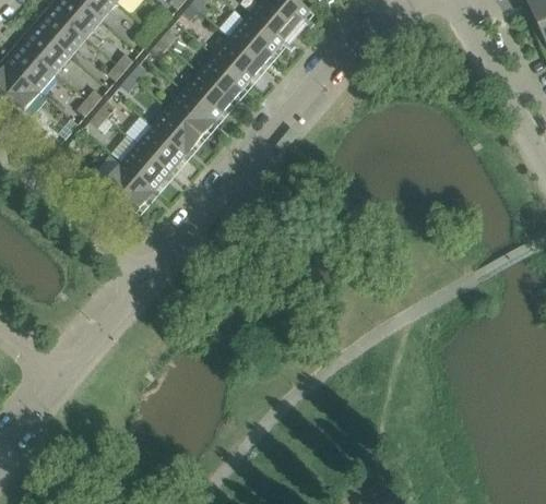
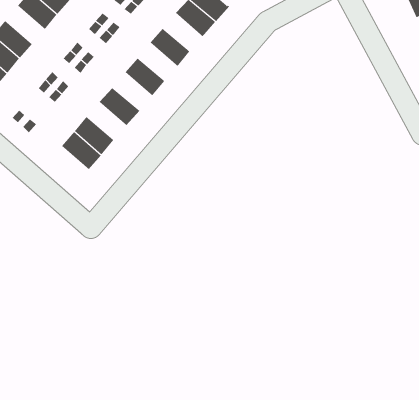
building: [37,10,86,57] -> none
building: [229,19,278,65] -> none
building: [199,55,248,101] -> none
building: [168,91,217,137] -> none
building: [136,127,186,173] -> none

